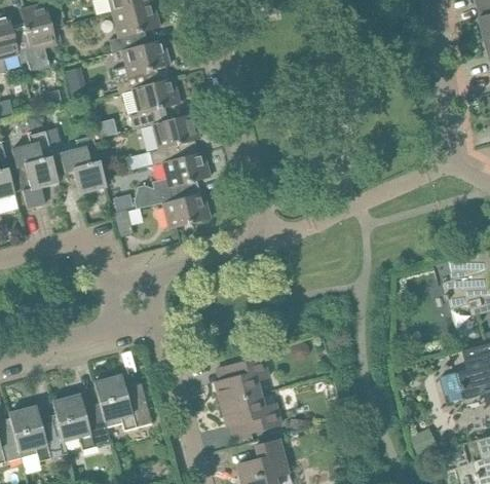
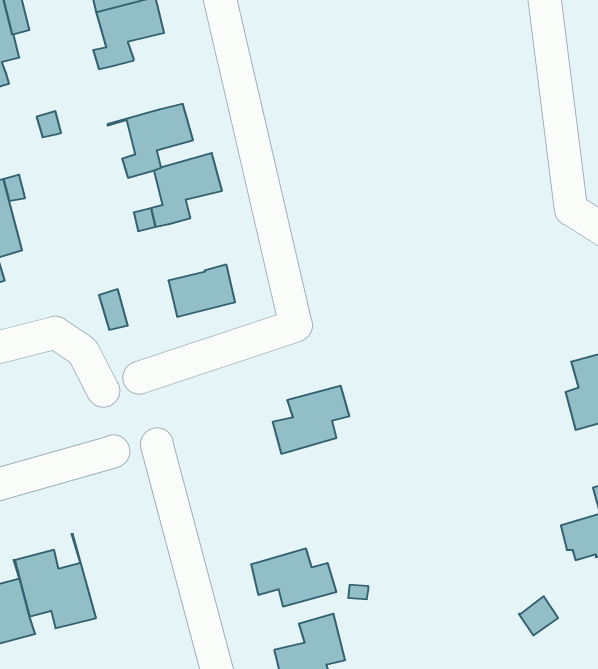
building: [112,38,168,91] -> none
building: [59,135,106,193] -> none
building: [133,151,209,209] -> none
building: [214,356,268,404] -> [273,386,349,454]
building: [93,374,151,442] -> none

